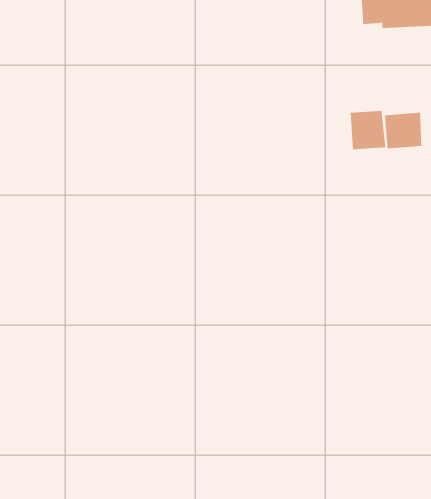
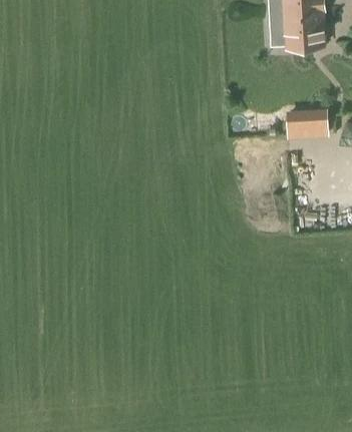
building: [350,110,386,150] -> none

